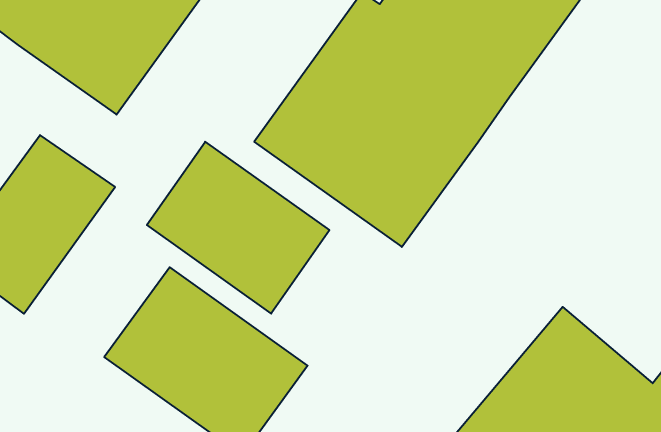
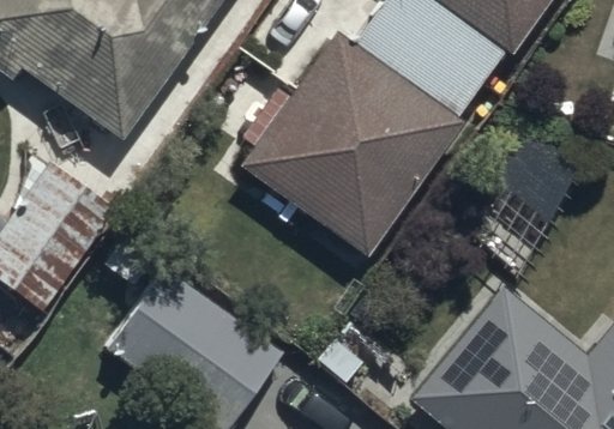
building: [147,142,329,314] -> none

